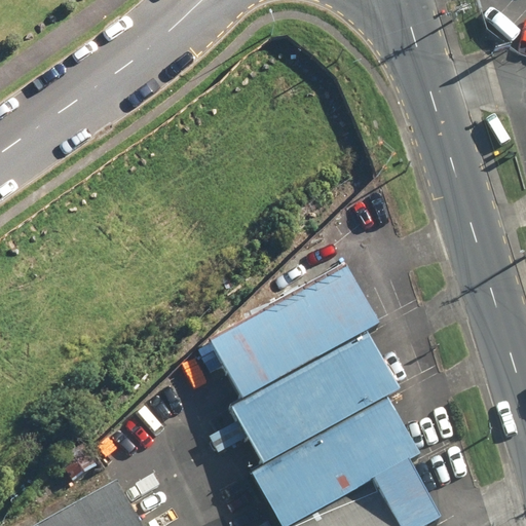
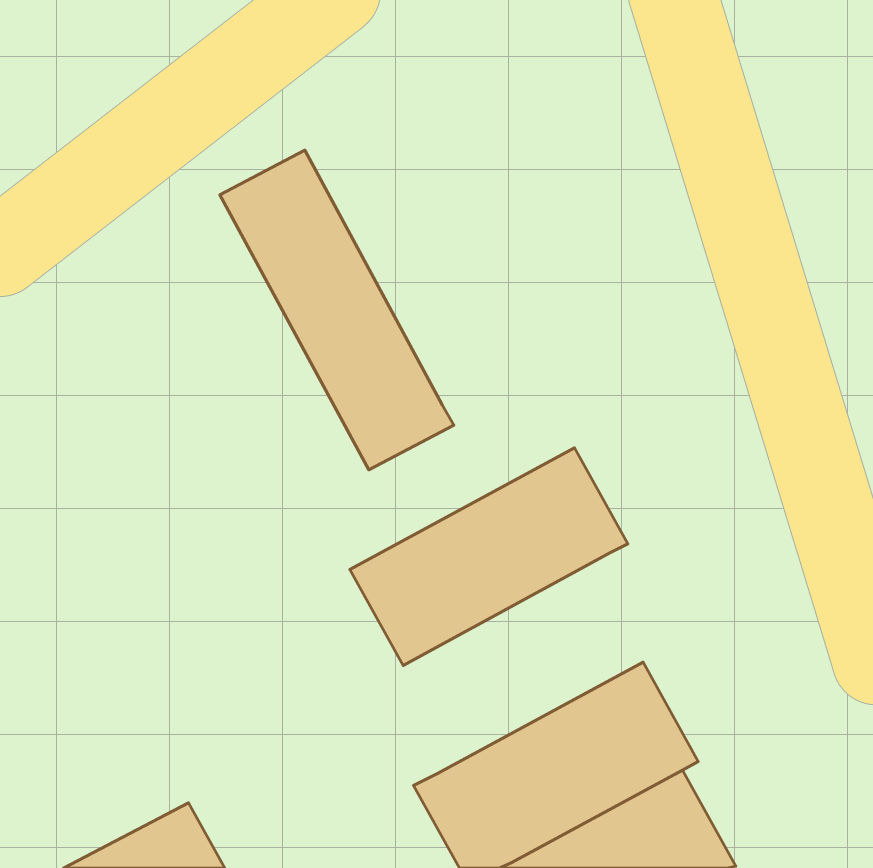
building: none -> [220,150,454,470]
building: [232,331,400,463] -> none

